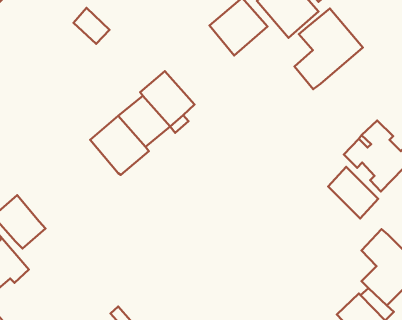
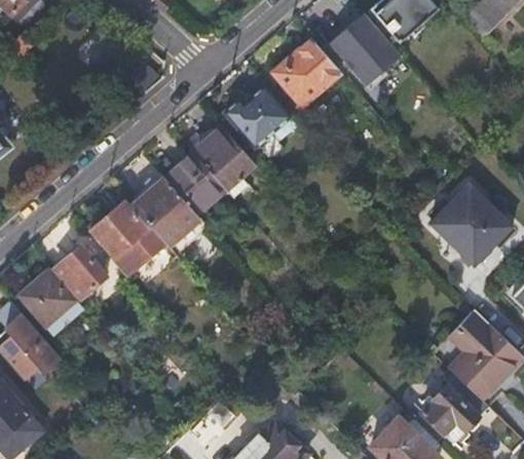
building: [295,9,363,89] -> none
building: none -> [227,87,290,146]
building: none -> [90,200,166,278]
building: [328,167,378,219] -> none
building: none -> [55,246,107,297]

